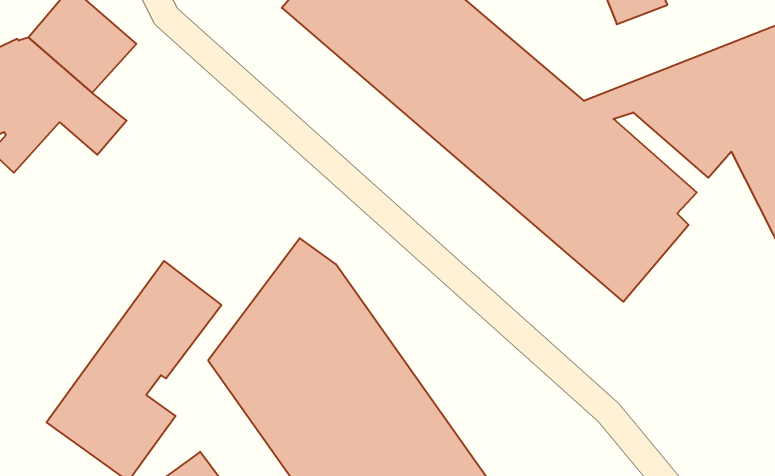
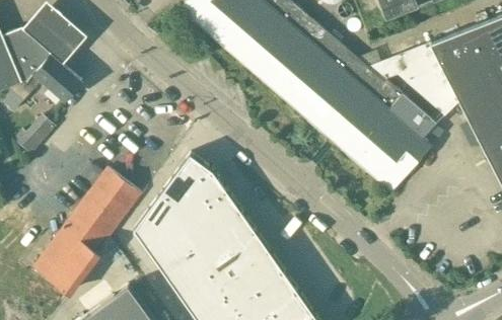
building: none -> [16,113,55,154]

